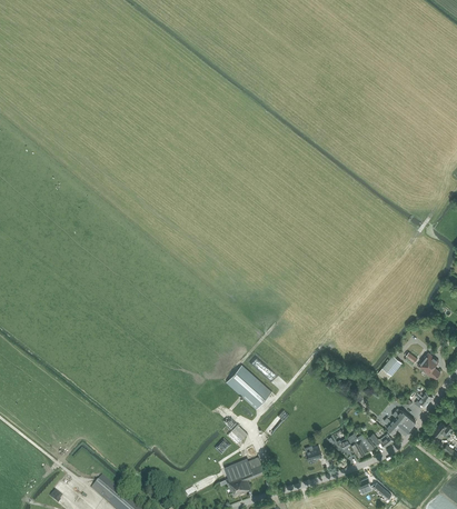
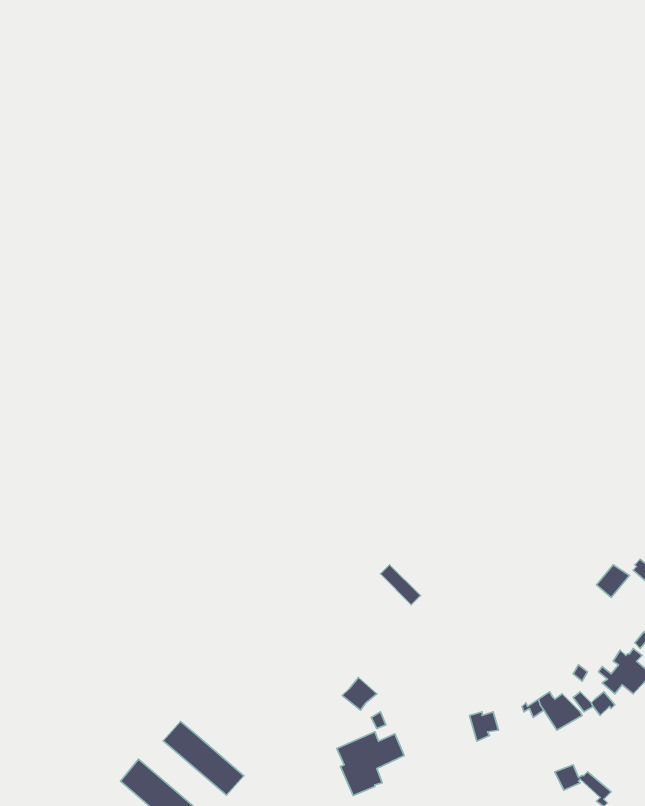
building: [226,365,272,409] -> none
building: none -> [163,721,244,795]

